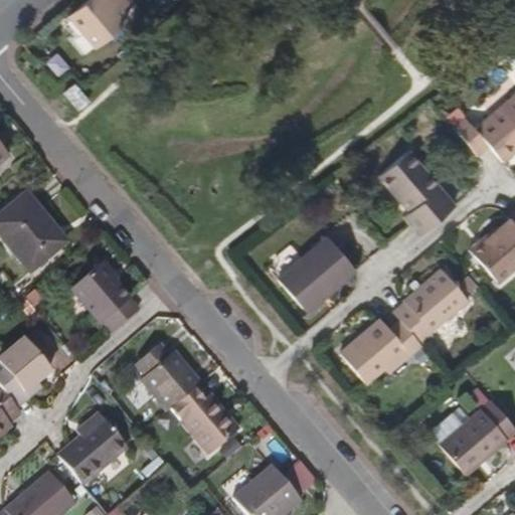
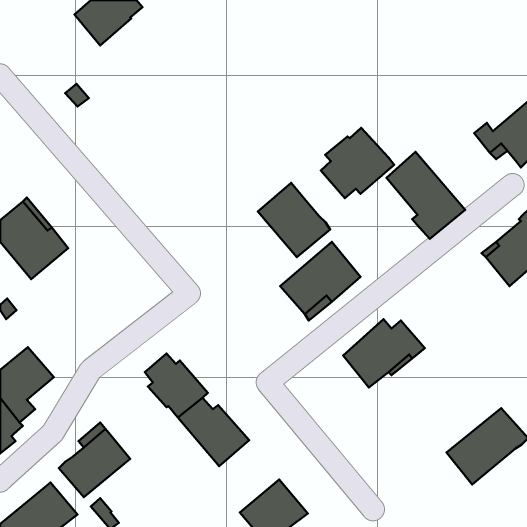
building: none -> [321,128,394,198]
building: none -> [258,183,330,257]
building: [75,260,145,330] -> none
building: [386,263,462,340] -> none

